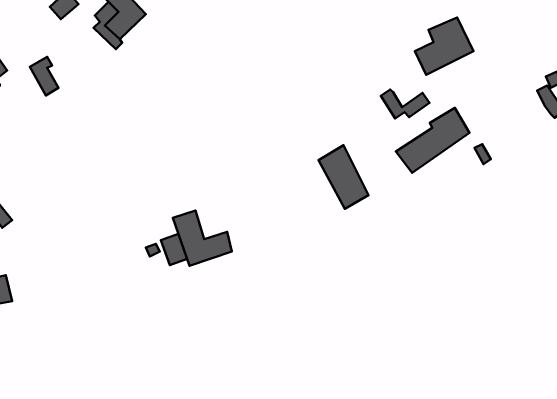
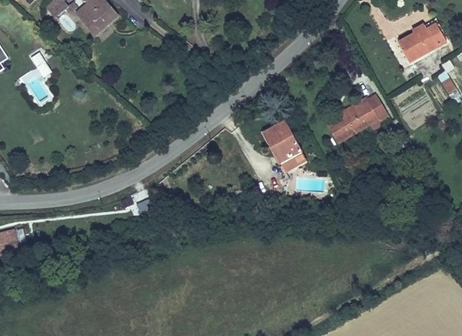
building: [415,17,474,75] -> [396,14,443,60]
building: [381,90,430,118] -> none
building: [173,211,232,266] -> none

